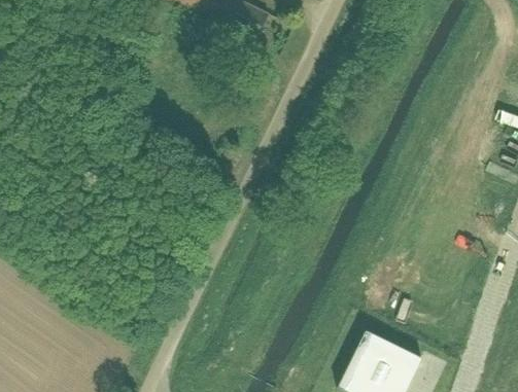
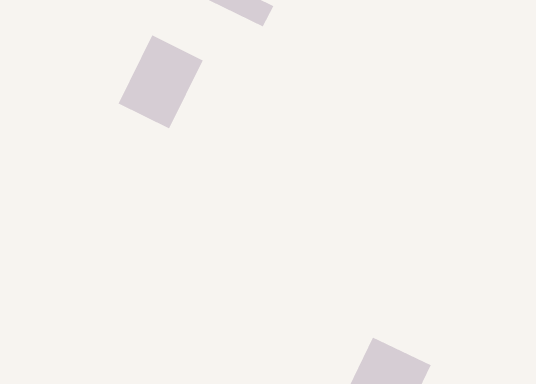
building: none -> [117,34,204,130]

